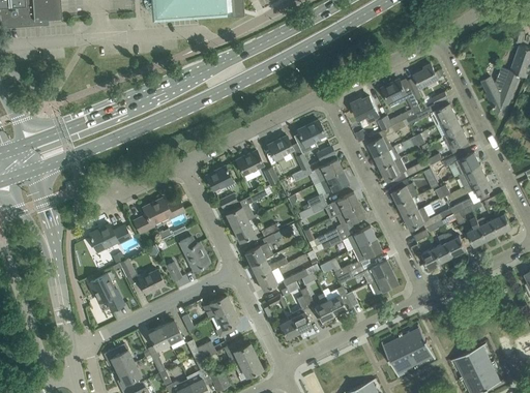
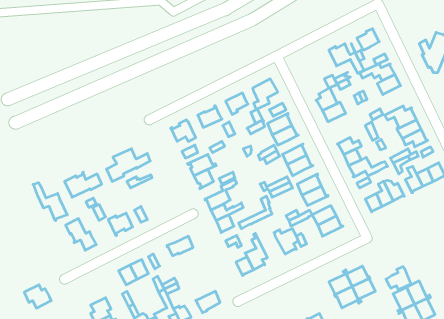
building: [351,96,379,122] -> none
building: [443,127,468,154] -> none
building: [381,159,429,181] -> none
building: none -> [33,183,67,221]
building: [179,237,209,270] -> none
building: [295,280,333,322] -> none
building: [215,307,238,337] -> none
building: none -> [386,267,411,290]
building: [225,340,256,364] -> none
building: [104,345,134,371] -> [24,285,51,308]

